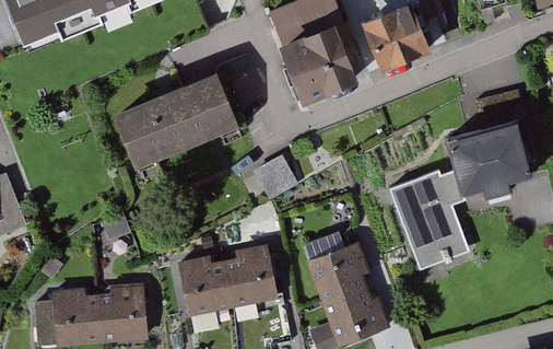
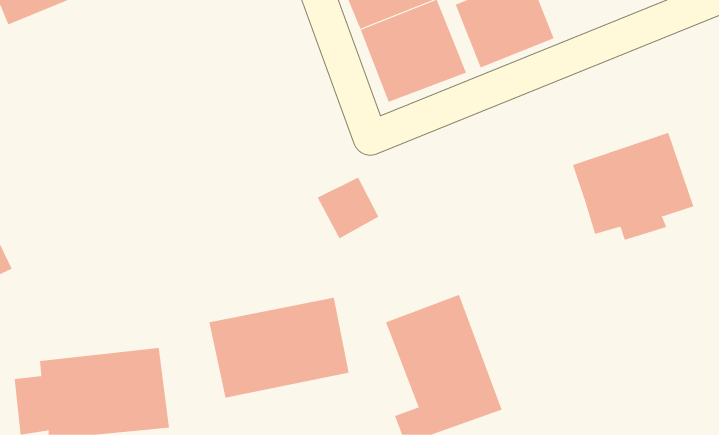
building: [110,74,239,174] -> none
building: [391,170,472,270] -> none

